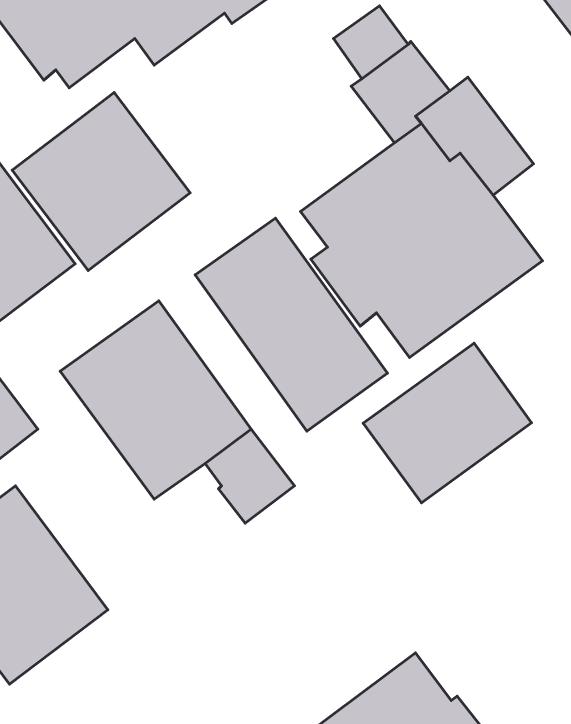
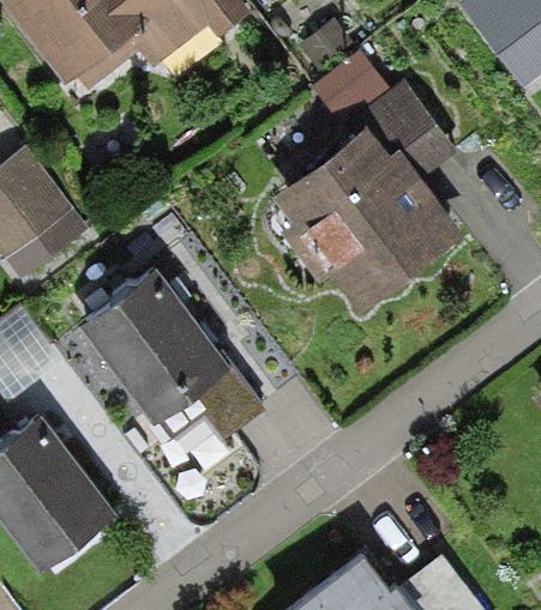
building: [12,92,190,270] -> none
building: [195,218,387,431] -> none
building: [363,343,531,503] -> none

